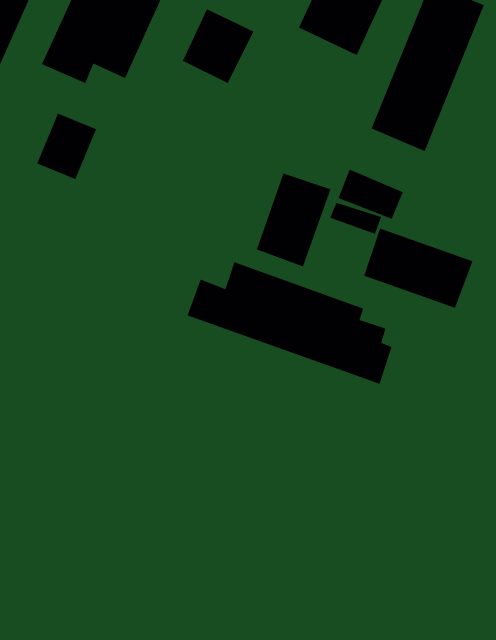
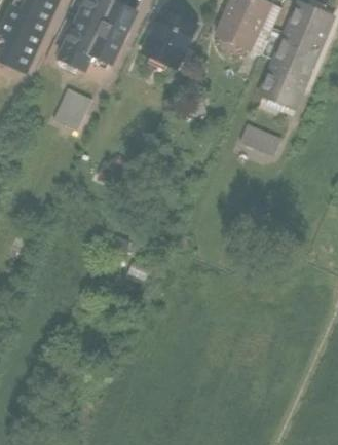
building: [256,172,332,268] -> none
building: [363,227,473,309] -> none
building: [186,261,392,385] -> none

